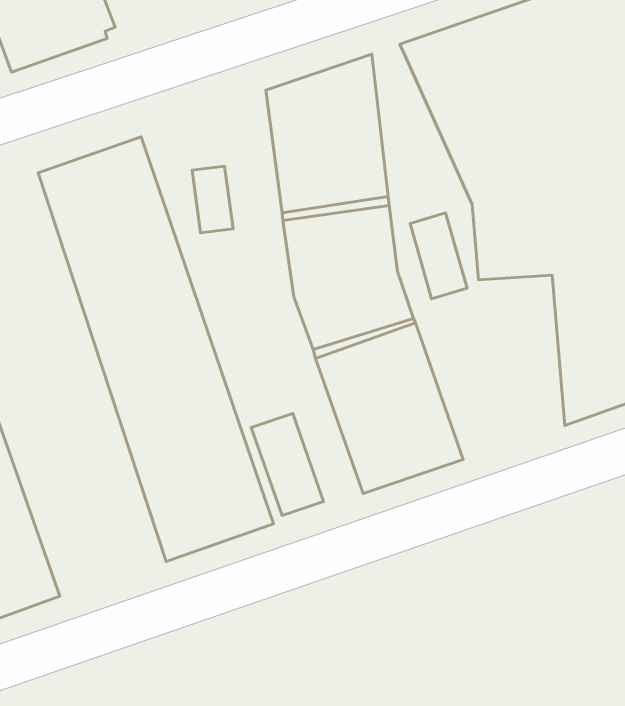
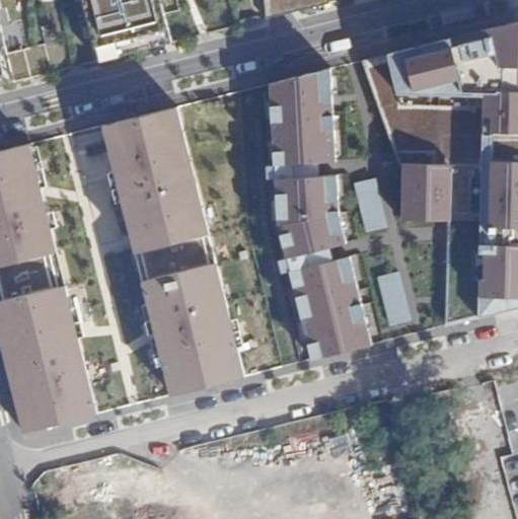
building: [192,166,233,233] -> none
building: none -> [375,271,412,325]
building: [251,413,323,515] -> none

